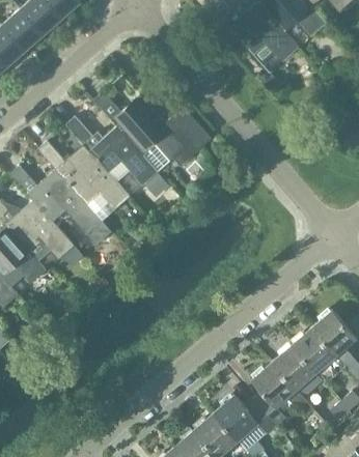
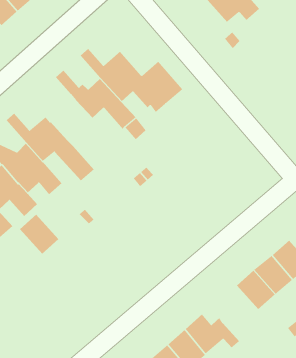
building: [38,142,130,210] -> none
building: none -> [19,214,59,255]
building: [252,363,314,426] -> none

